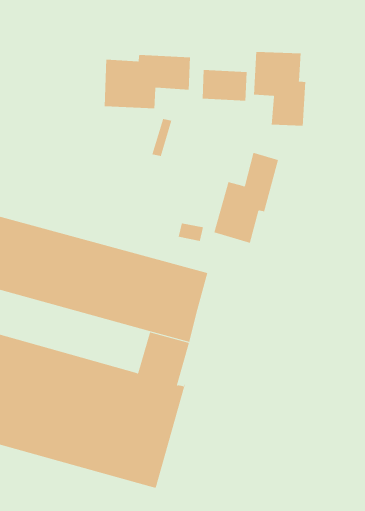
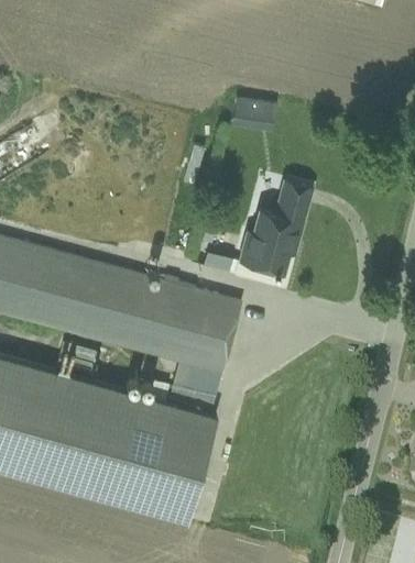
building: [254,51,306,126] -> none
building: [104,54,190,109] -> none

